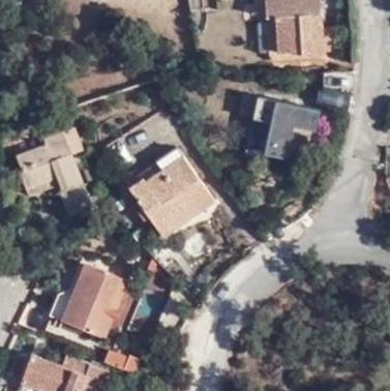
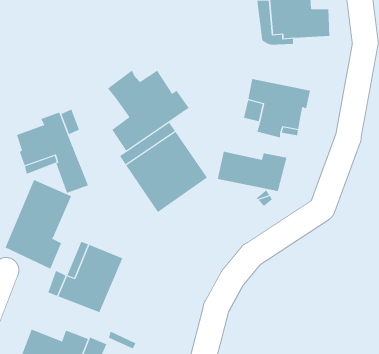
building: none -> [107,70,190,151]
building: none -> [217,151,287,192]
building: none -> [5,179,72,270]

